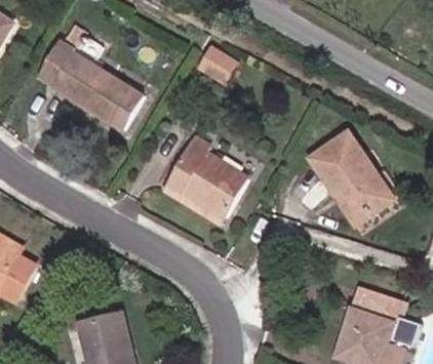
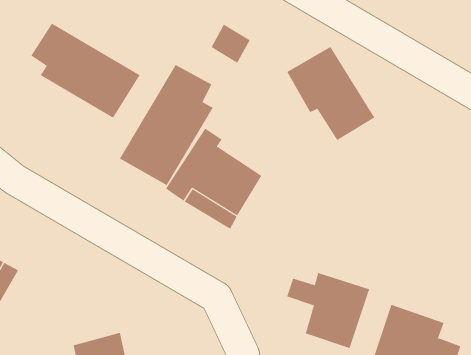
building: none -> [119,64,214,186]
building: [310,129,388,212] -> [286,46,375,141]
building: none -> [286,272,370,349]

